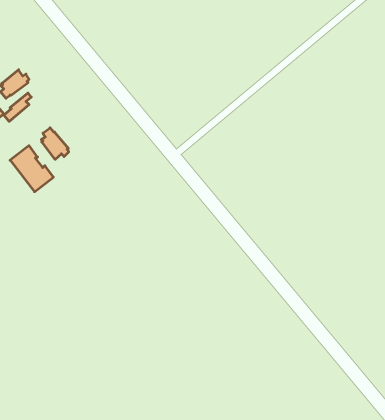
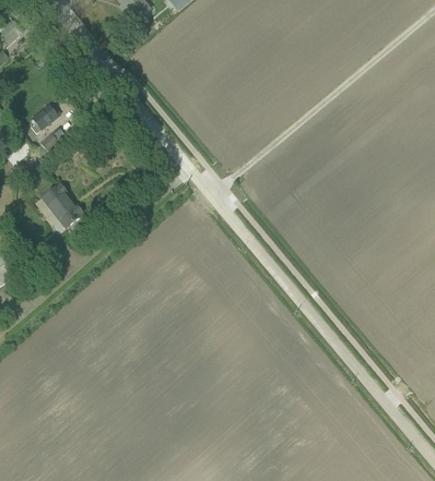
building: [41,128,69,159] -> none

